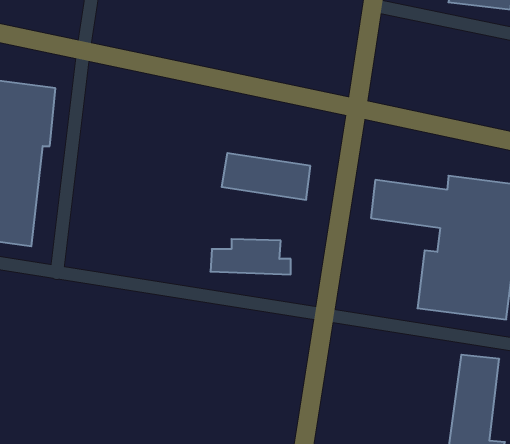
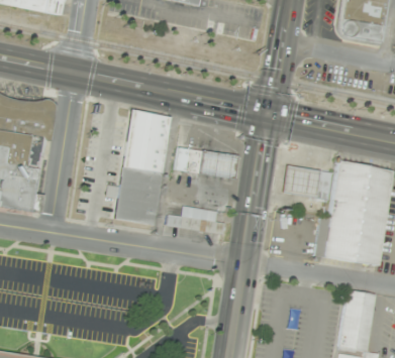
building: none -> [108,110,171,224]

